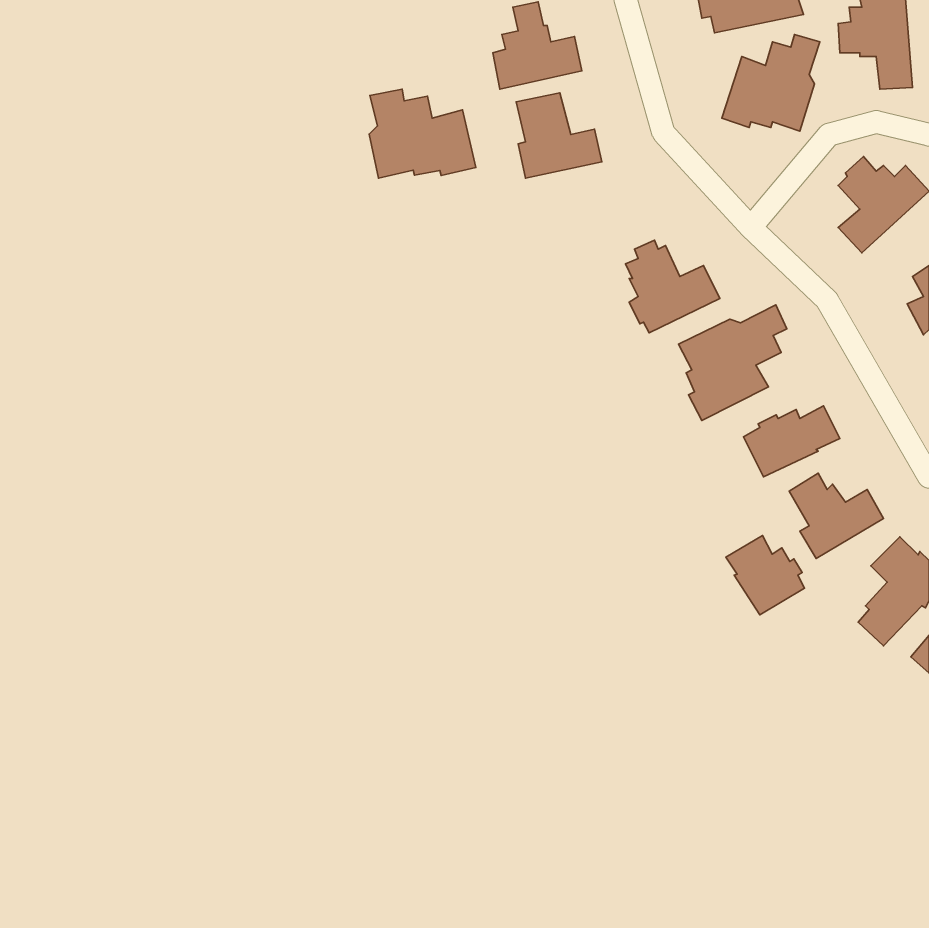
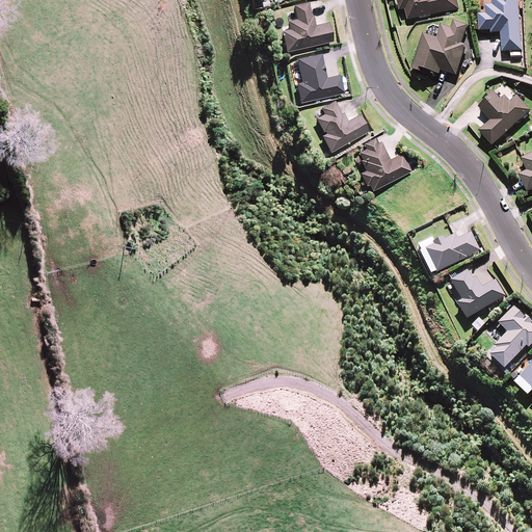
building: [369,89,476,178] -> none
building: none -> [315,100,369,152]
building: [679,305,787,421] -> none
building: [726,535,805,615] -> none

